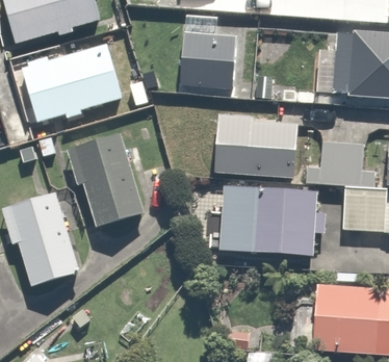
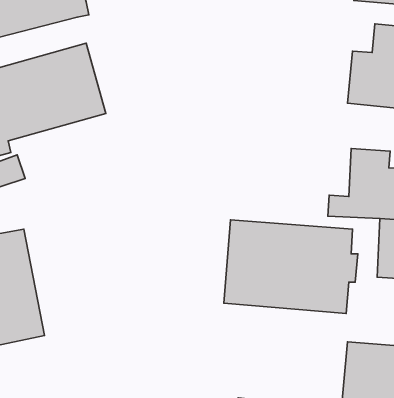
building: [178,28,238,87] -> none
building: [210,114,299,179] -> none
building: [64,133,149,228] -> none

